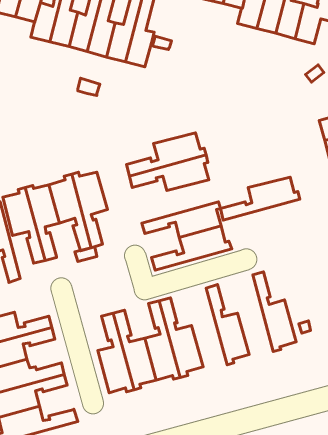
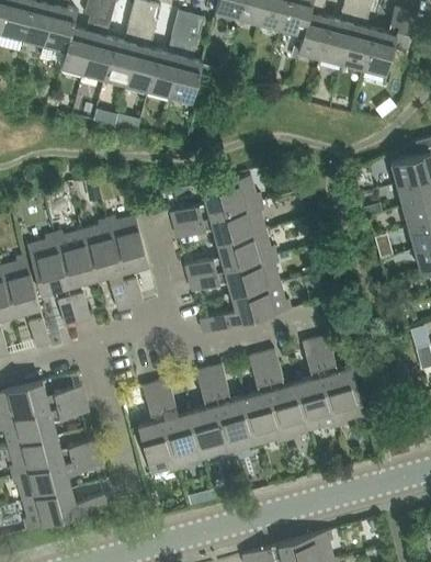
building: [220,177,300,220] -> [184,231,275,280]
building: none -> [297,339,338,430]
building: none -> [245,355,285,445]

